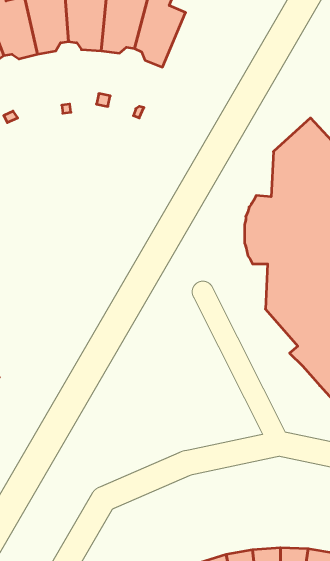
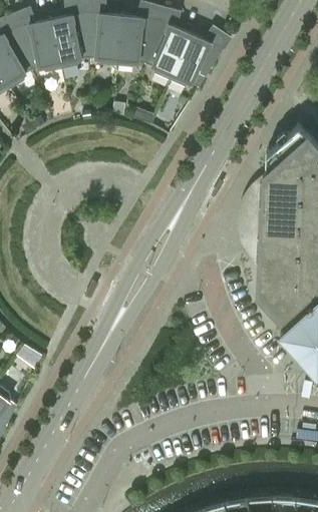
building: none -> [170,30,230,89]

